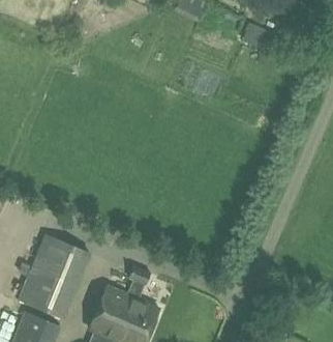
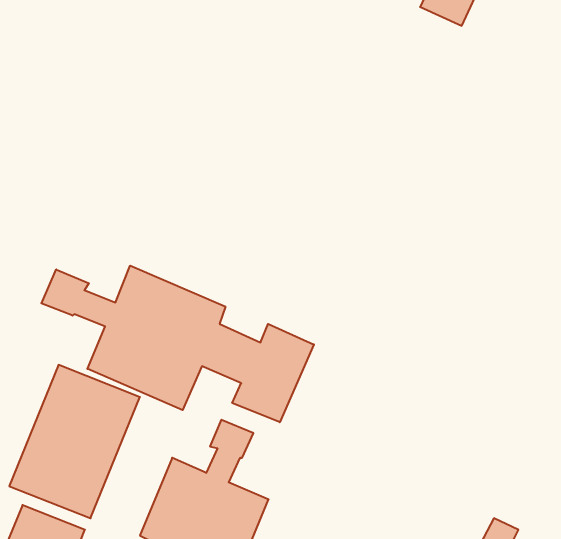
building: none -> [41,266,314,422]

